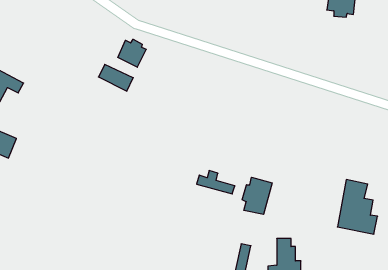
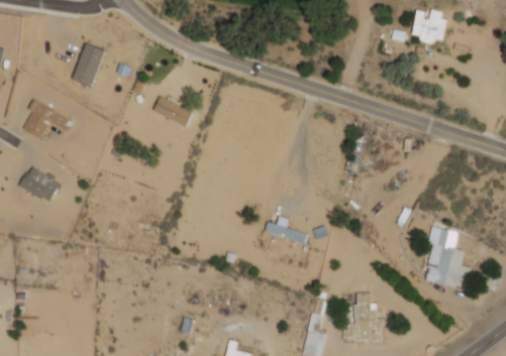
building: none -> [71,43,104,87]
building: [118,39,146,67] -> none
building: [242,177,272,214] -> none

